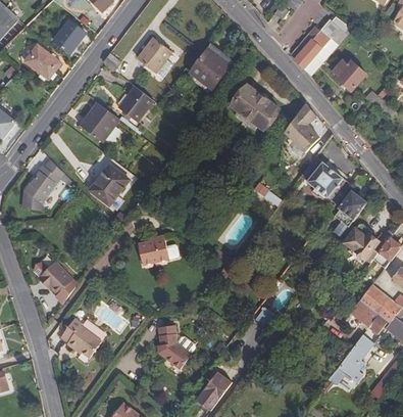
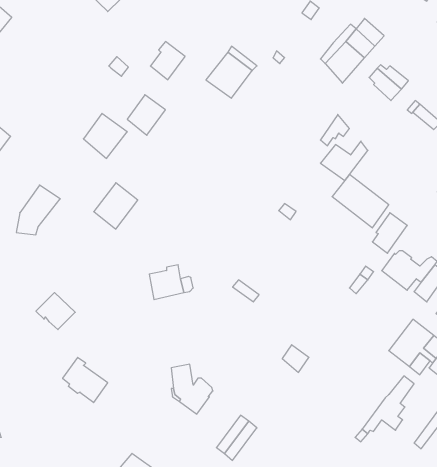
building: [52,19,86,54] -> none
building: [24,45,59,79] -> none
building: [230,84,279,131] -> none

